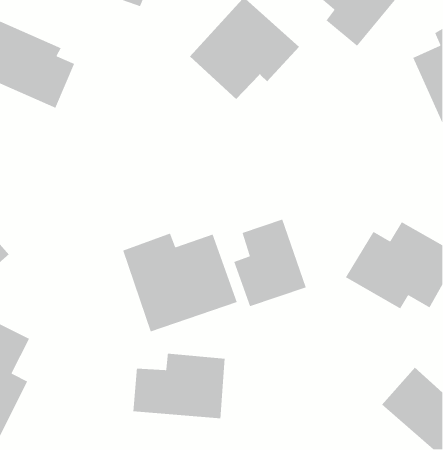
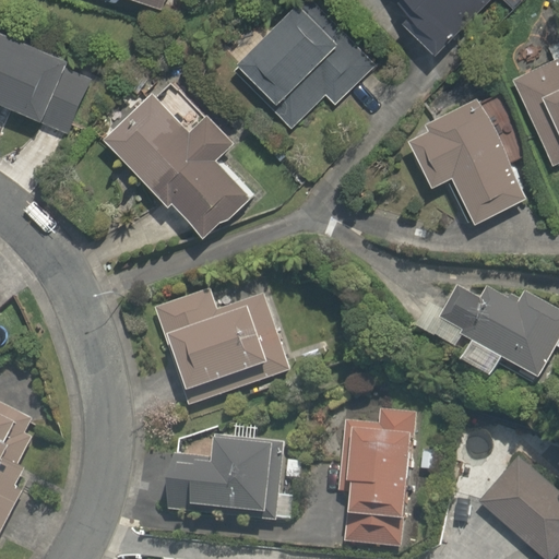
building: none -> [112,82,266,241]
building: none -> [414,86,534,222]
building: [233,218,307,307] -> none
building: none -> [334,406,432,550]

